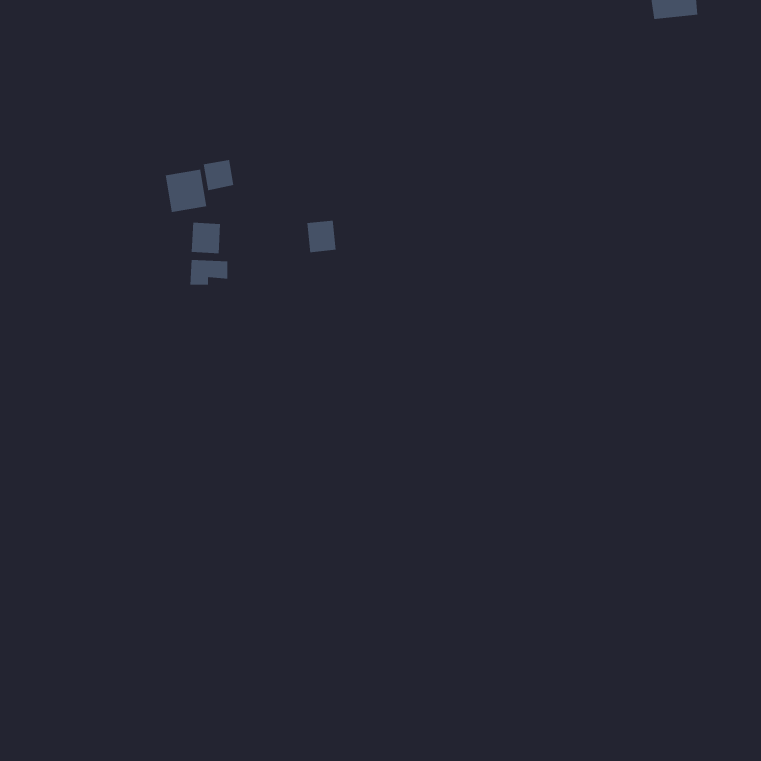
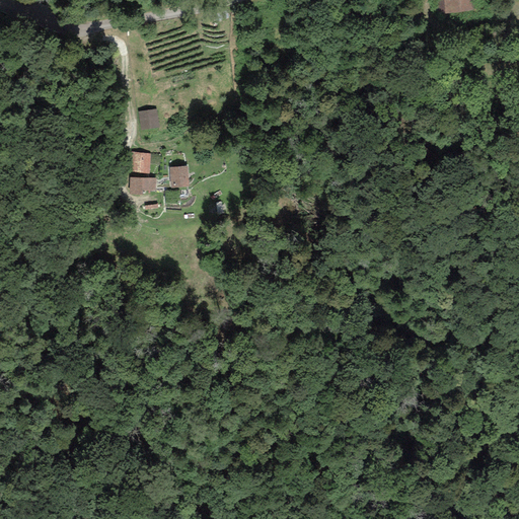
building: [165,169,207,213] -> none
building: [307,220,337,253] -> [169,165,190,188]

